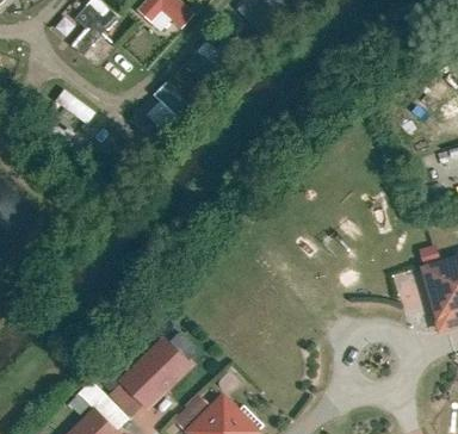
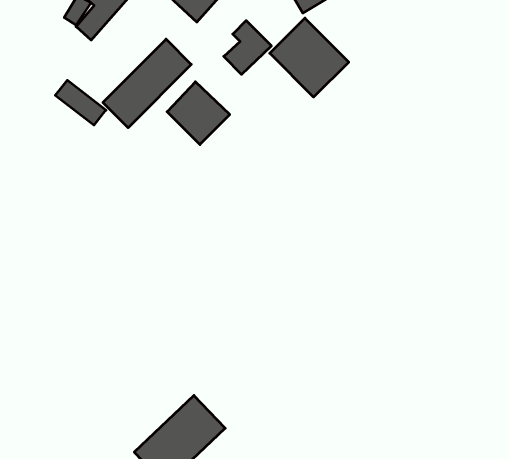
building: none -> [270,18,349,97]
building: none -> [103,39,191,128]

